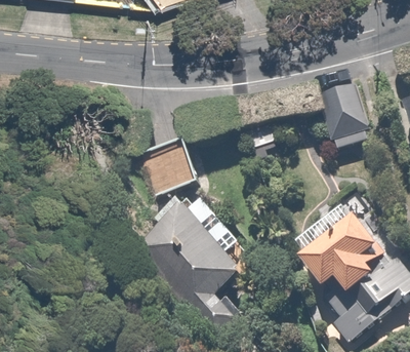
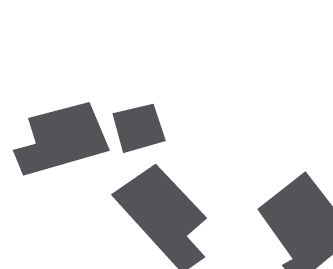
building: [320,78,374,150] -> none
building: none -> [12,101,111,176]

